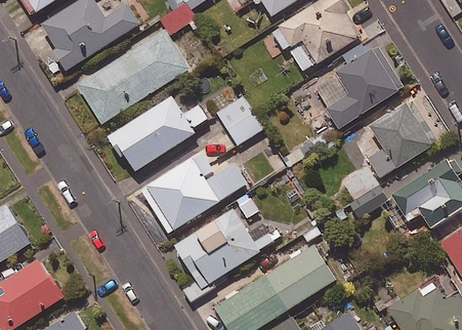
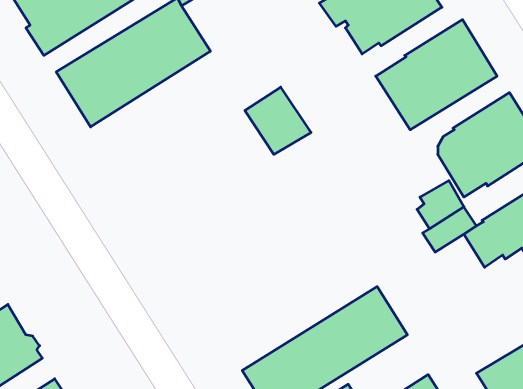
building: [107,94,207,170] -> none
building: [139,152,249,235] -> none
building: [174,209,279,302] -> none

